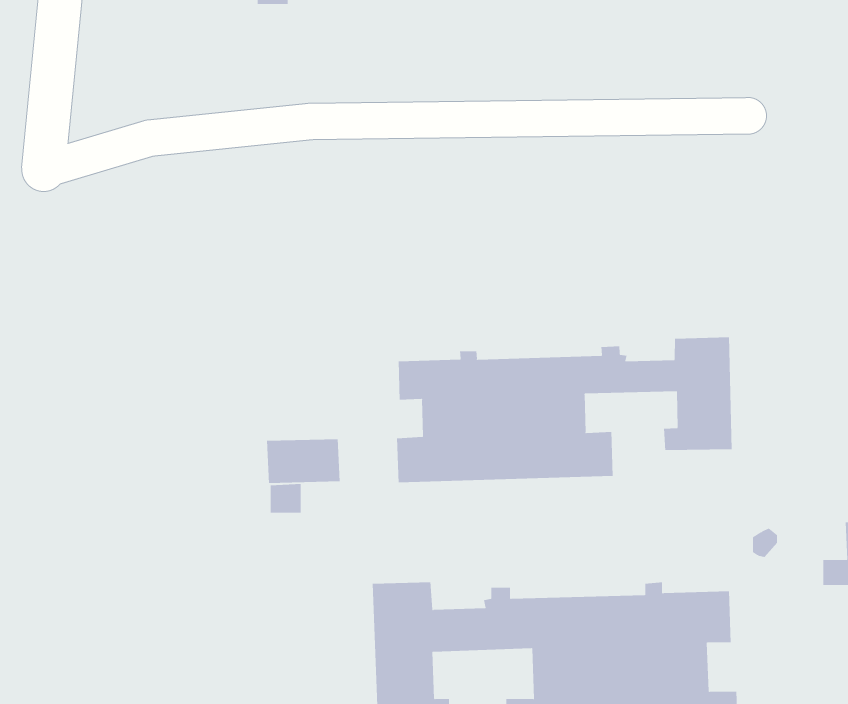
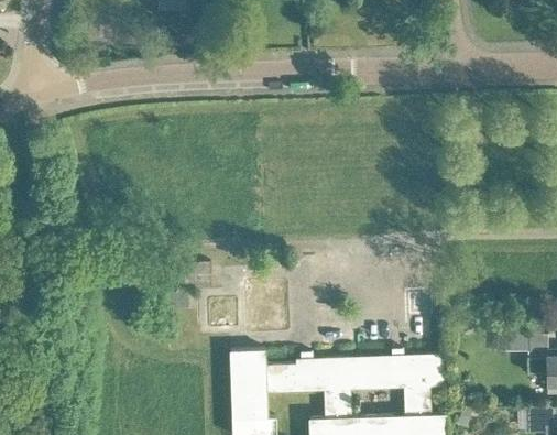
building: [397,336,732,483] -> none

